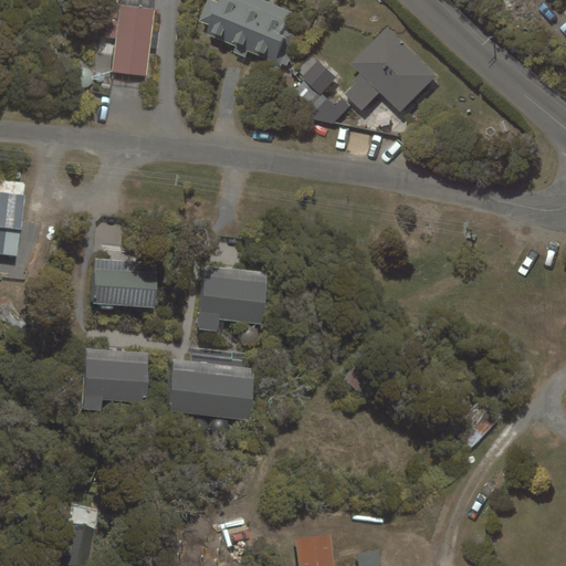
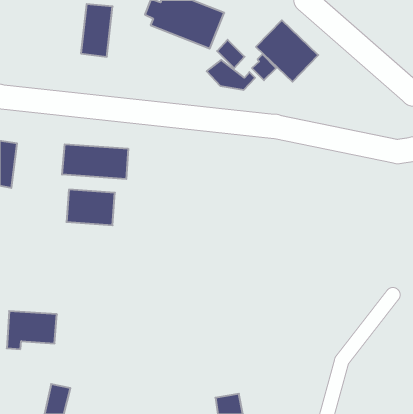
building: none -> [62,144,128,179]
building: [198,270,265,331] -> none
building: [81,358,149,410] -> [7,311,57,349]
building: [168,369,254,419] -> none

